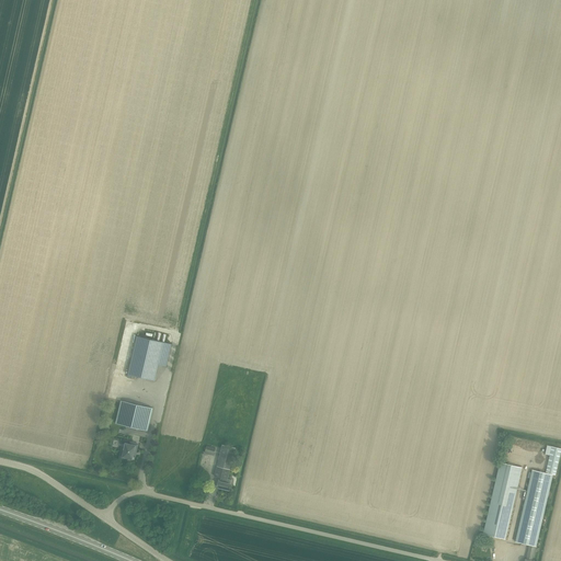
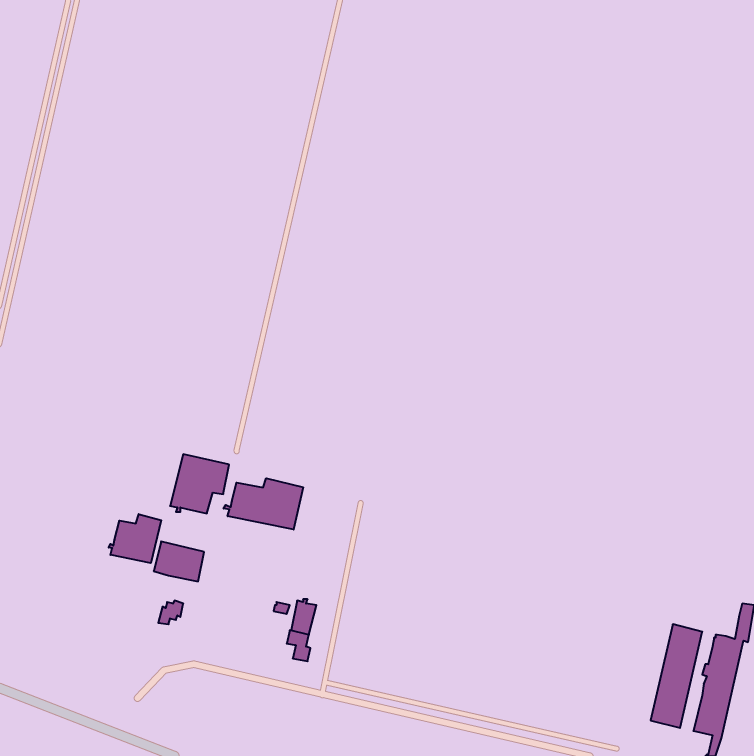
building: none -> [224,478,303,530]
building: none -> [109,514,161,563]

